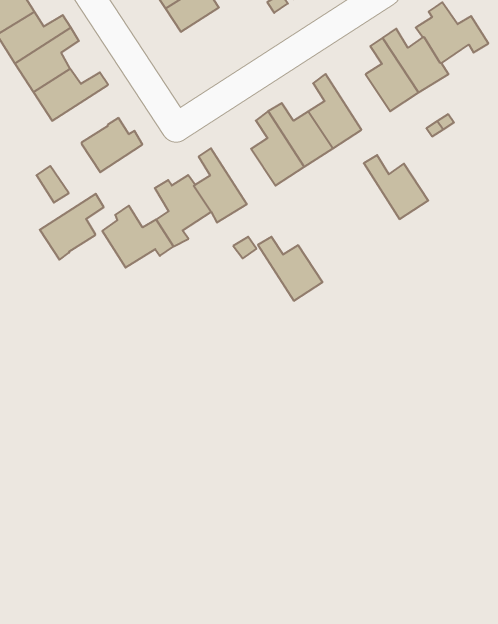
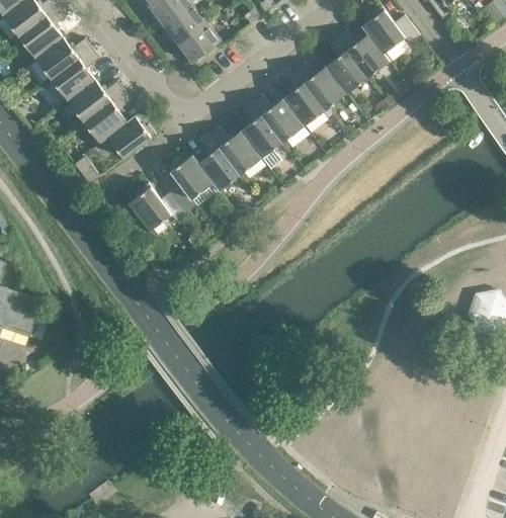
building: none -> [177,23,220,63]
building: [364,155,428,219] -> [292,62,345,110]
building: [40,194,104,260] -> [82,90,131,144]
building: [258,237,323,301] -> [207,126,260,175]

